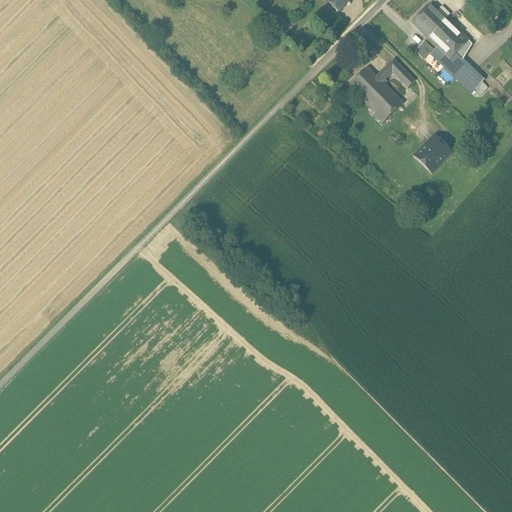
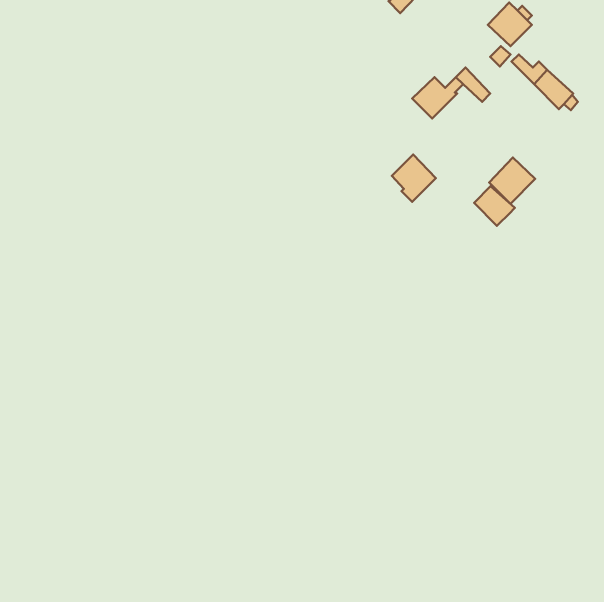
building: [431,21,468,57] -> none
building: [365,82,402,122] -> [392,155,436,202]
building: none -> [474,186,515,226]

